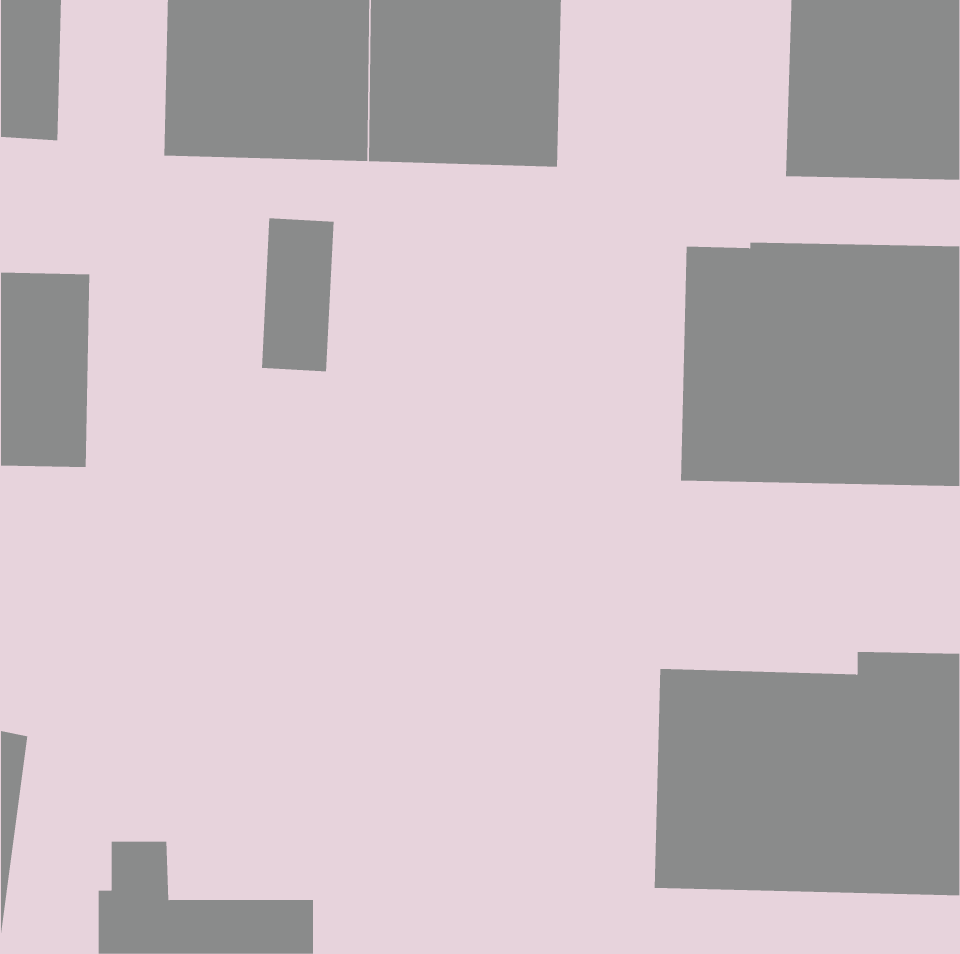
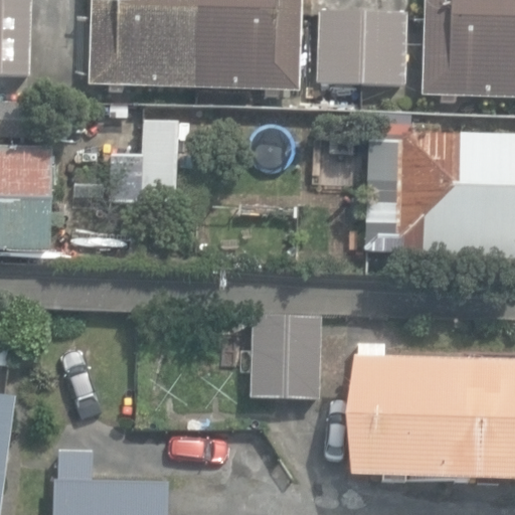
building: none -> [318,11,407,85]
building: none -> [250,314,322,398]

